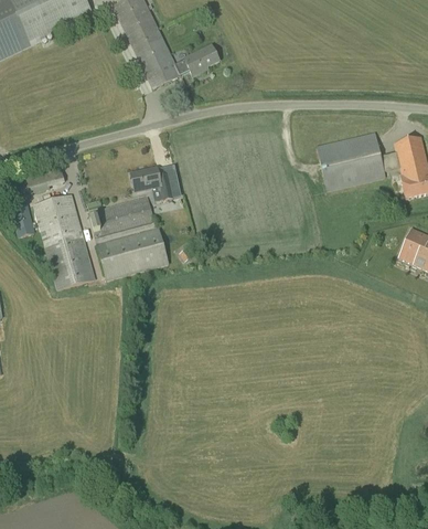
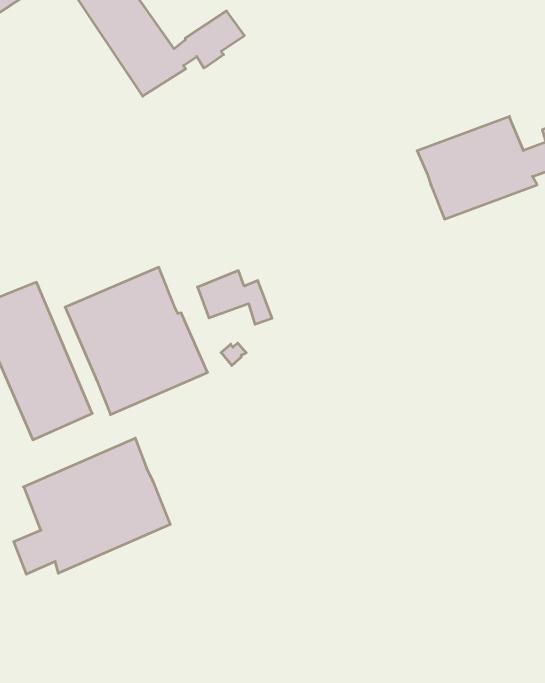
building: [130,165,173,199] -> [197,271,272,324]
building: none -> [14,438,170,574]

